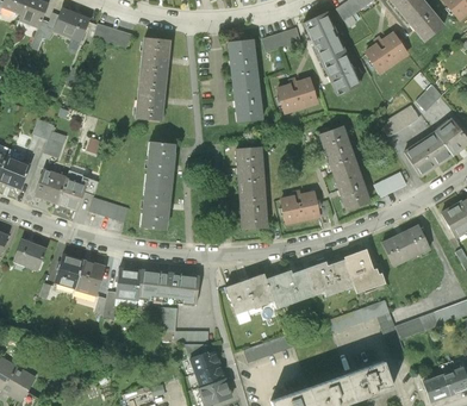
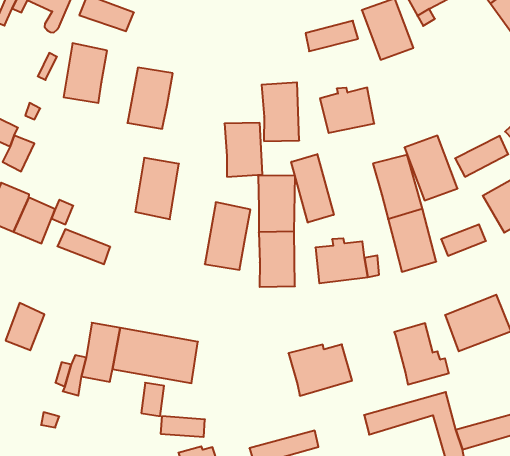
building: [365,31,409,73] -> none
building: [139,33,169,76] -> [64,43,107,103]
building: [228,38,259,80] -> [224,123,262,177]
building: [319,44,361,93] -> [404,136,458,200]
building: none -> [291,154,334,223]
building: [141,181,172,230] -> [205,202,250,270]
building: [306,258,355,296] -> none
building: [75,261,106,296] -> none
building: [226,273,275,314] -> none

